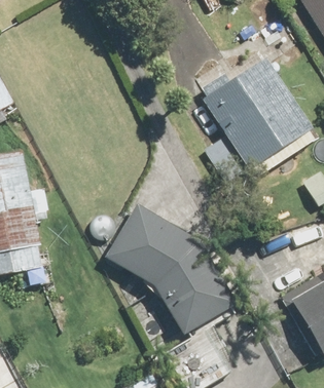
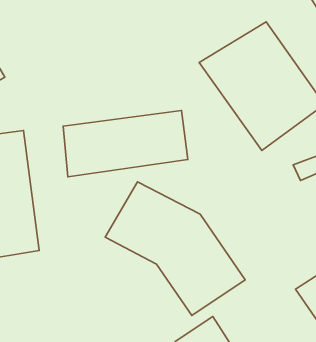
building: none -> [63,111,188,177]

